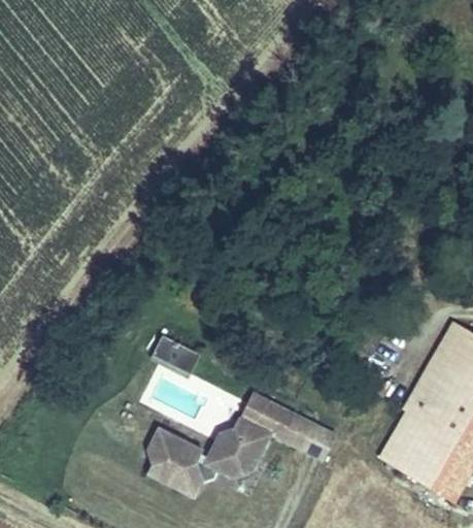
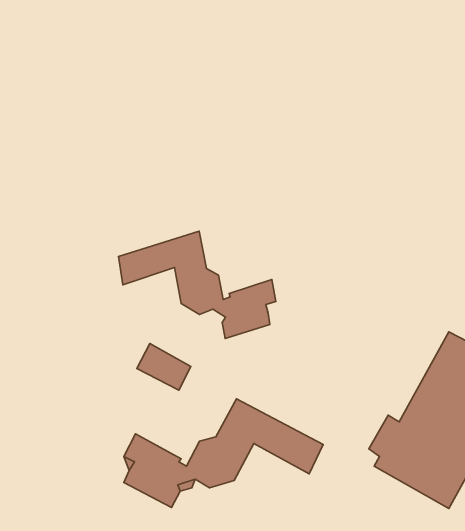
building: none -> [118,231,276,338]

